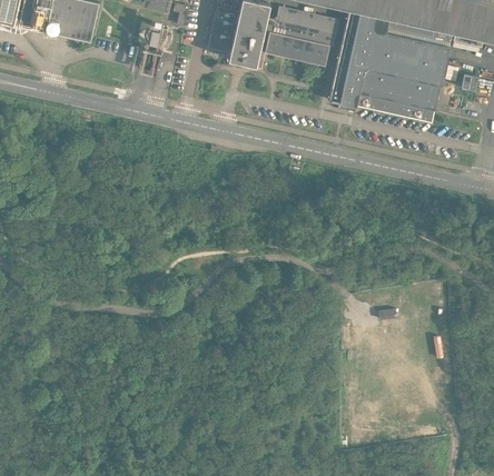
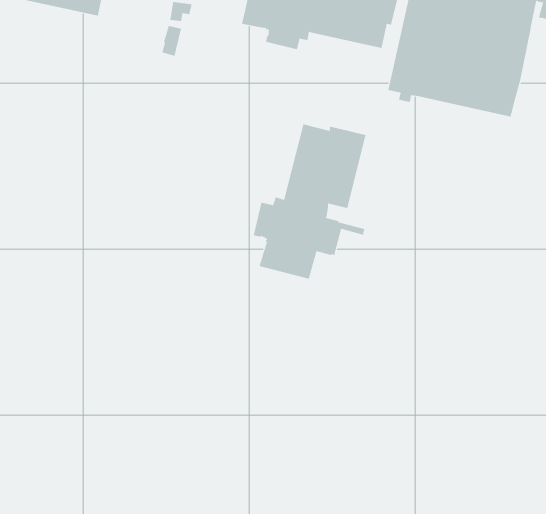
building: none -> [253,124,366,280]

